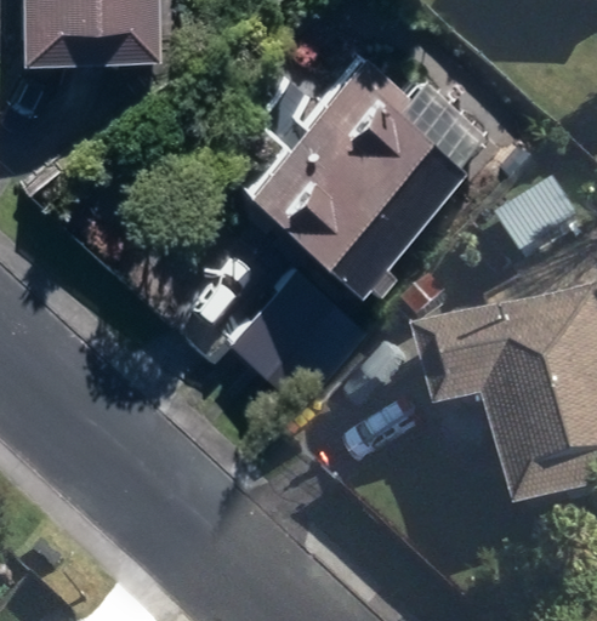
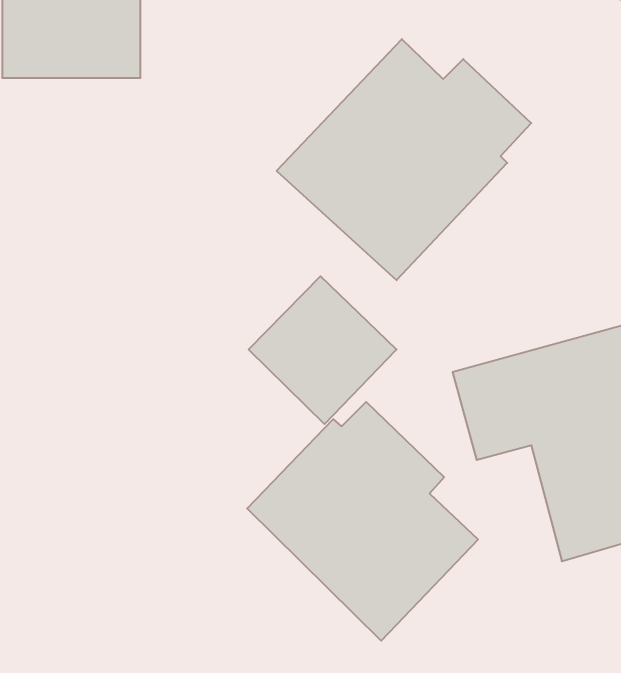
building: none -> [247,402,478,641]

